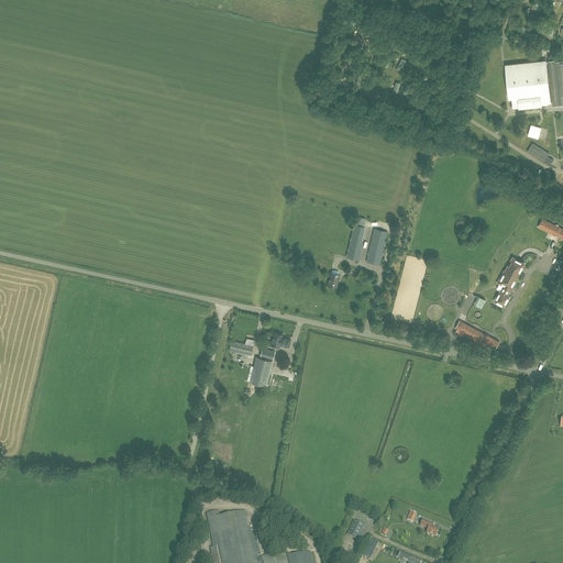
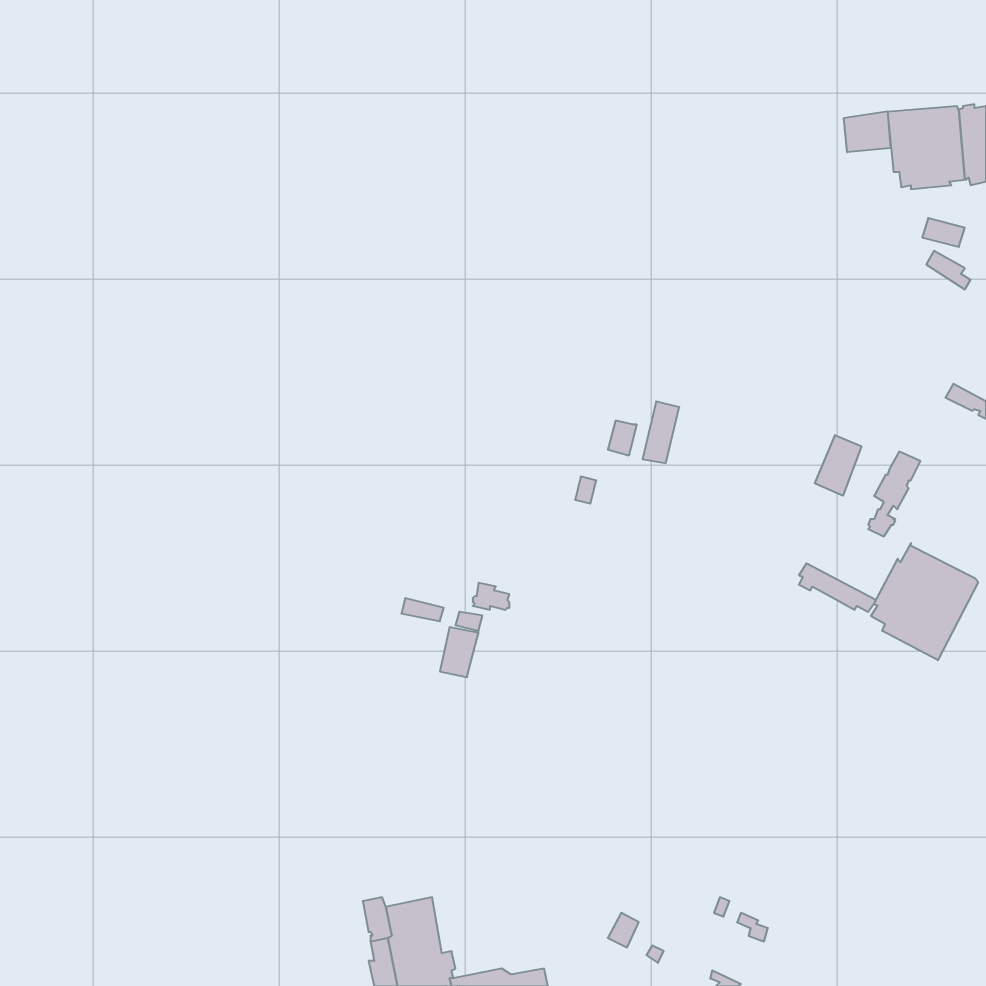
building: none -> [844,111,891,152]
building: none -> [815,435,861,496]
building: none -> [871,543,978,660]

